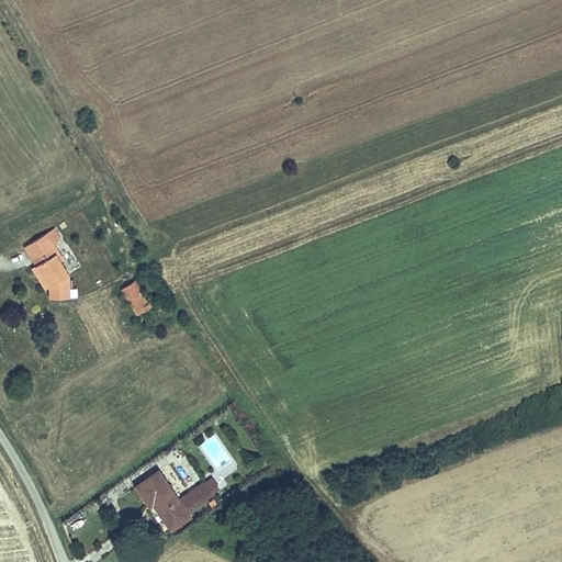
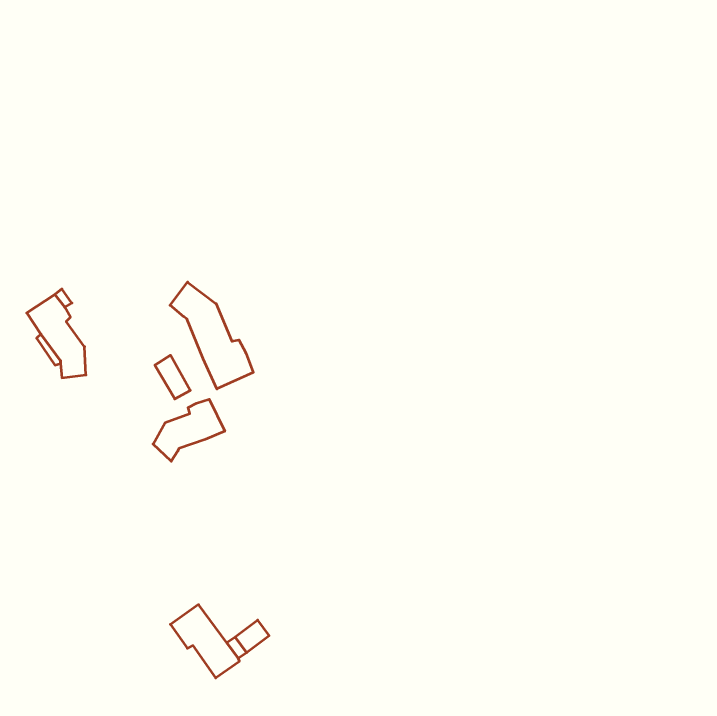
building: none -> [170,282,253,389]
building: none -> [153,399,225,461]

